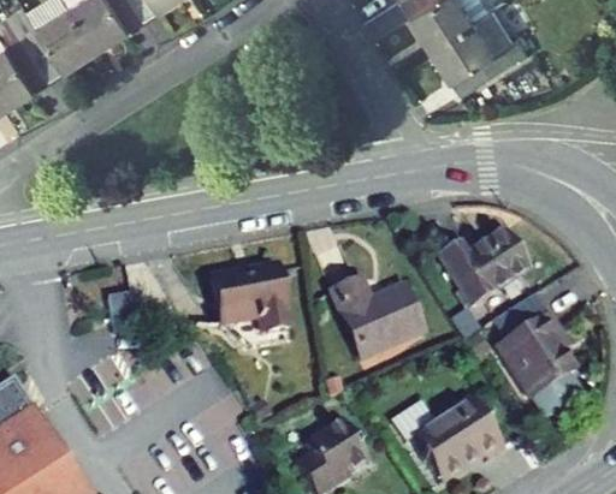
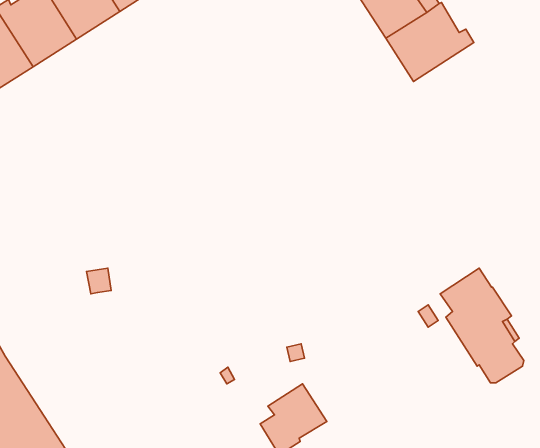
building: [439,228,527,303] -> none
building: [213,262,290,329] -> none
building: [332,278,422,356] -> none
building: [392,395,505,480] -> none

